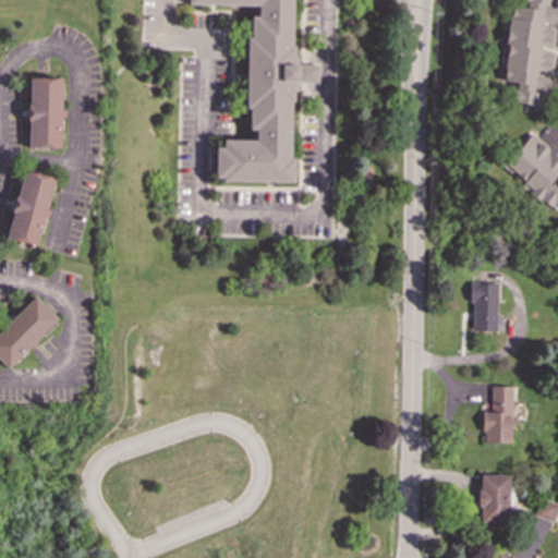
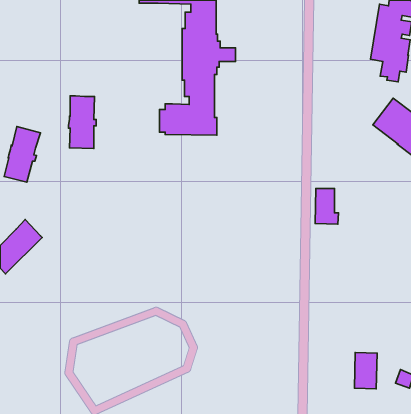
building: [29,77,66,148] -> [69,96,96,149]
building: [473,283,505,331] -> [315,189,339,224]
building: [485,386,513,442] -> none

